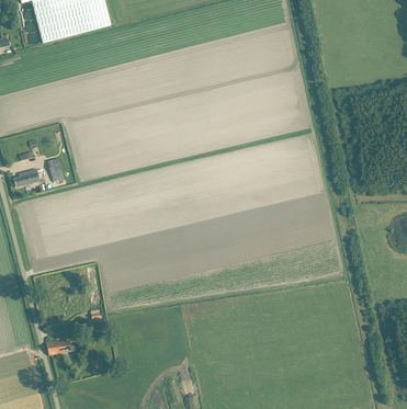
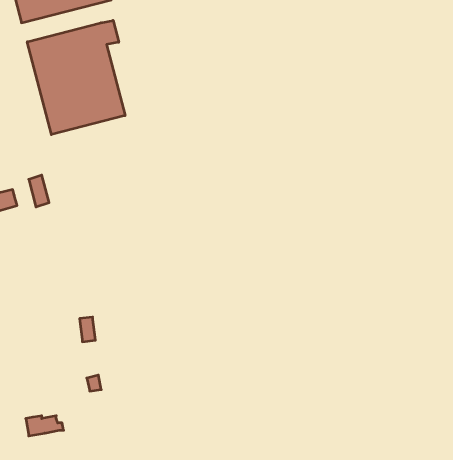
building: none -> [27,20,125,135]

